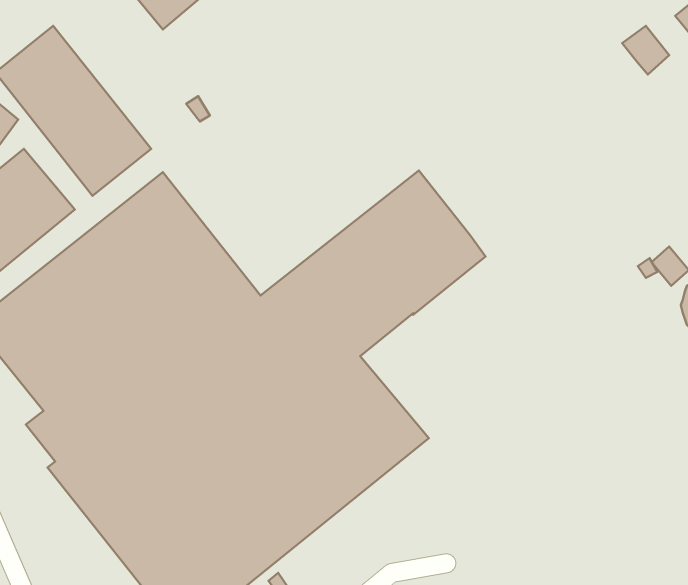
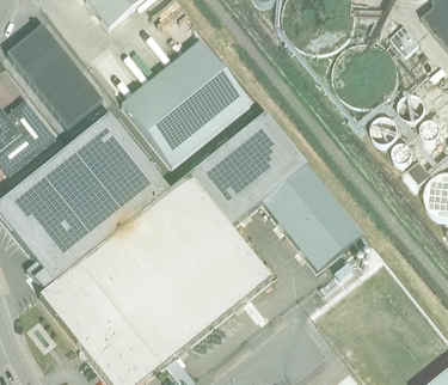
building: none -> [121,39,250,166]
building: none -> [262,165,362,269]

